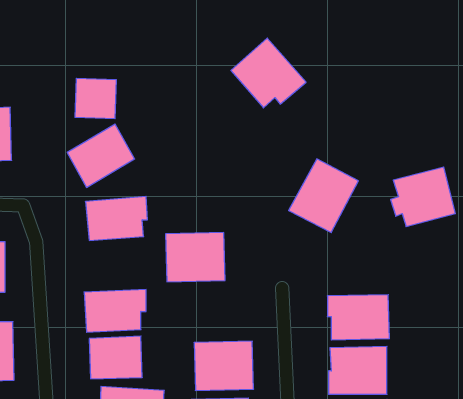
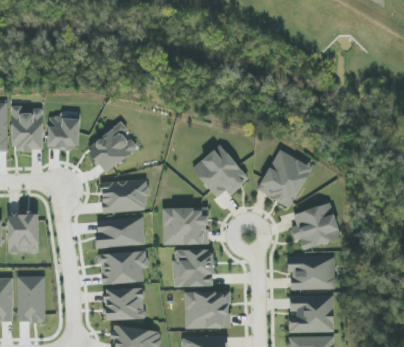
building: [231,38,306,108] -> [191,144,249,198]
building: [75,78,116,119] -> [47,117,79,148]
building: [391,167,455,227] -> [290,203,340,249]
building: none -> [95,217,144,247]
building: none -> [172,249,213,287]

